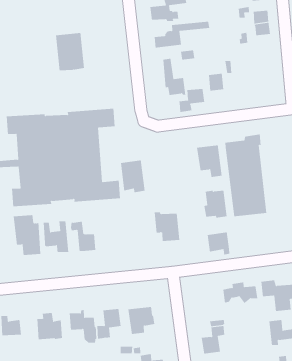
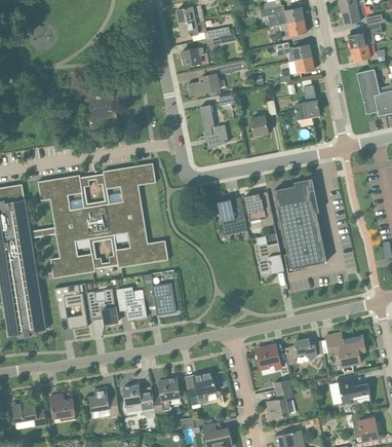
building: none -> [296,85,319,119]
building: [179,88,205,113] -> none
building: [120,160,146,193] -> [218,196,247,232]
building: [154,212,180,241] -> [146,283,177,314]
building: [207,232,230,255] -> [256,344,282,370]

